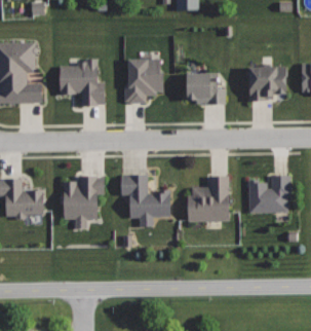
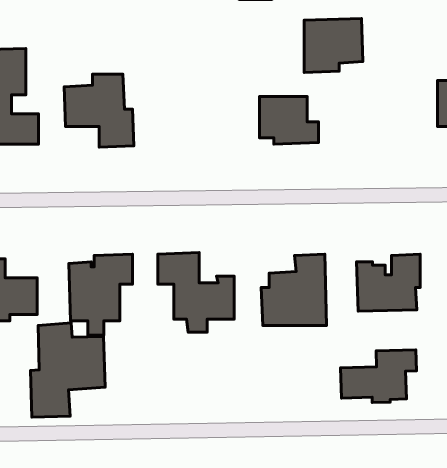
building: [124,58,164,103] -> none
building: [248,66,286,101] -> [304,18,363,73]
building: none -> [31,323,105,417]
building: none -> [341,350,416,403]

